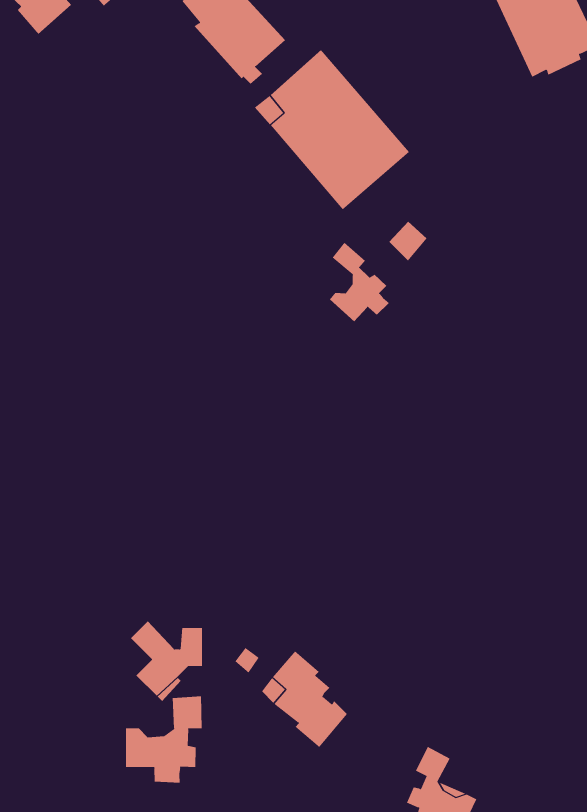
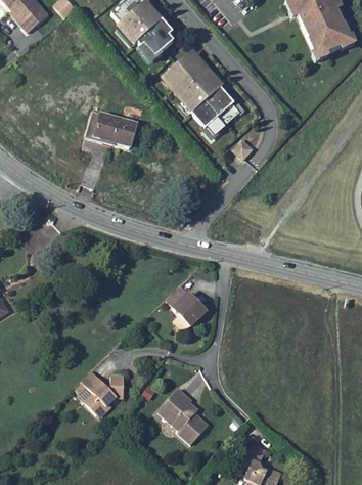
building: none -> [87,112,137,147]
building: [329,242,390,322] -> none
building: none -> [167,285,206,332]
building: [125,696,202,783] -> none

